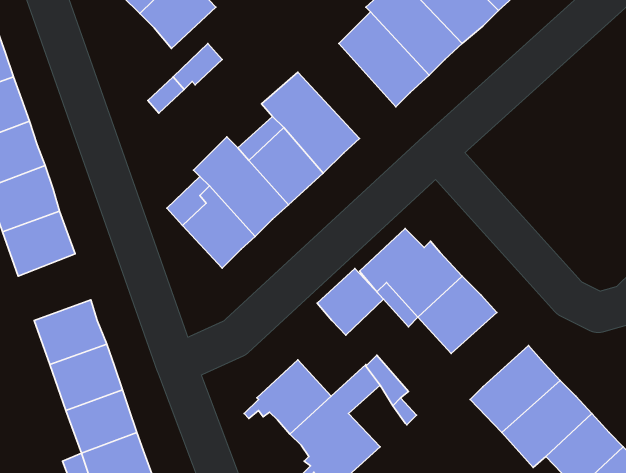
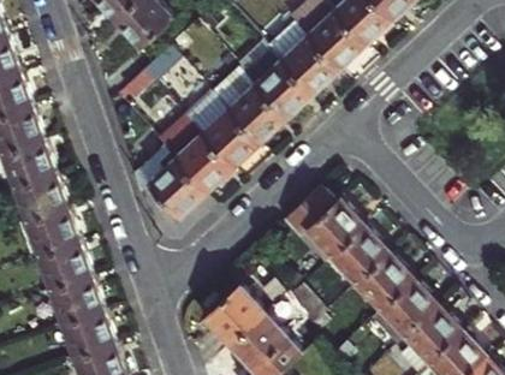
building: none -> [232,38,311,119]
building: none -> [24,207,79,257]
building: [317,268,384,335] -> none
building: none -> [354,251,412,308]

